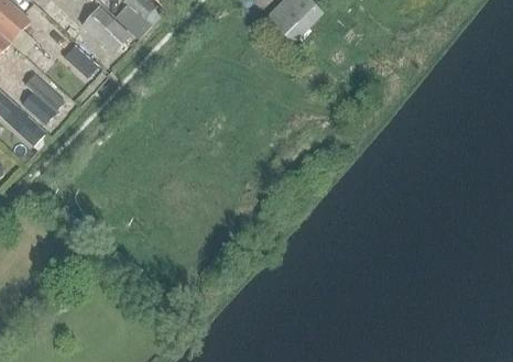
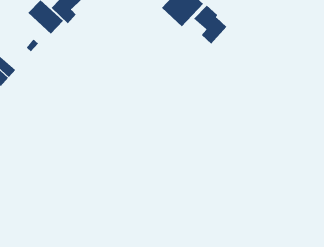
building: none -> [193,5,227,44]

